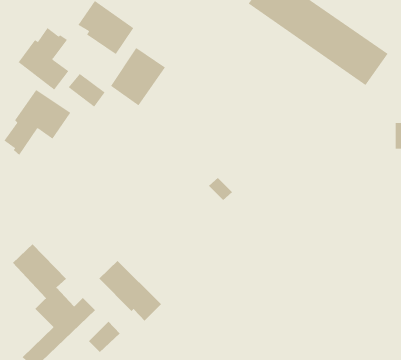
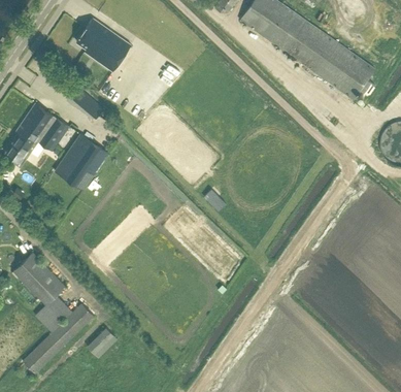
building: [18,27,69,90] -> none
building: [110,47,166,106] -> [56,133,109,190]
building: [98,260,162,322] -> none

